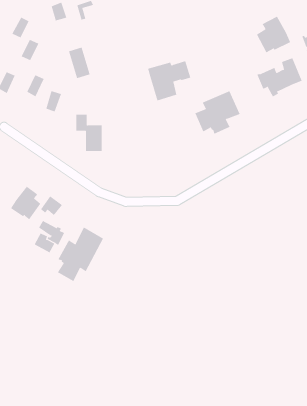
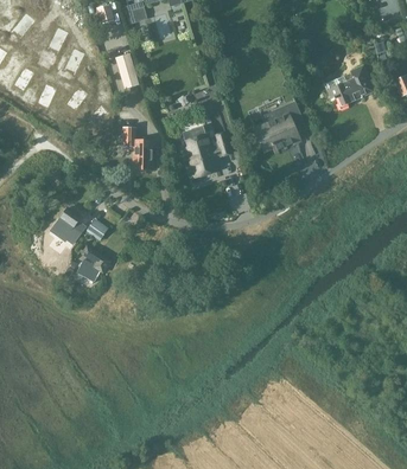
building: [256,16,291,53] -> none
building: [147,61,191,101] -> [184,133,233,178]
building: [57,227,104,282] -> none

